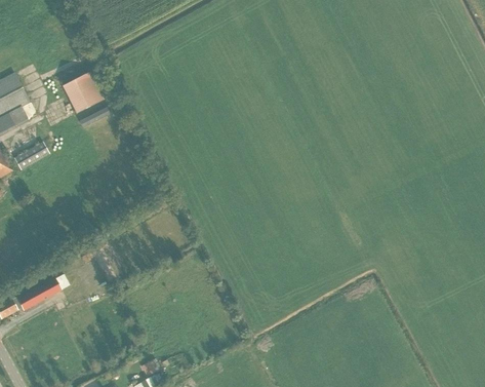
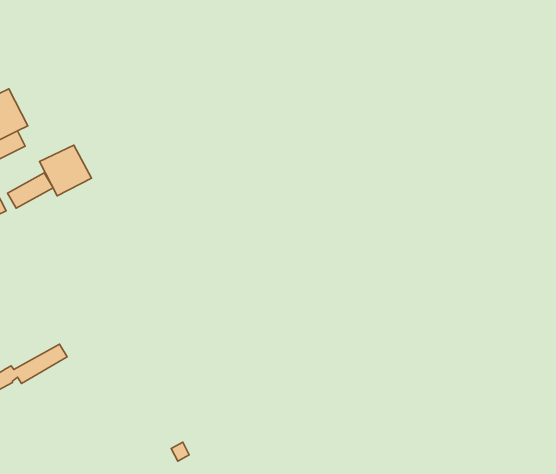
building: [60,72,103,113] -> [40,145,92,196]

